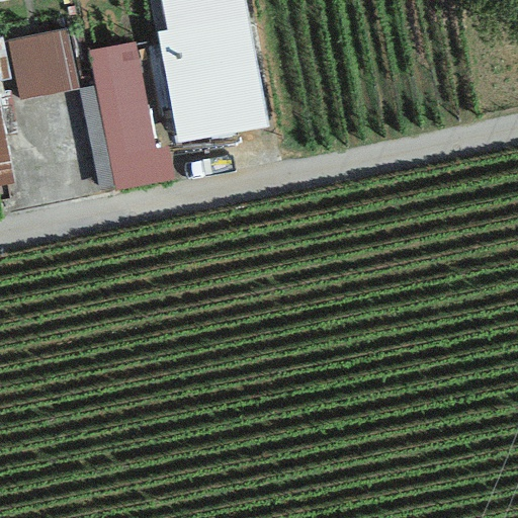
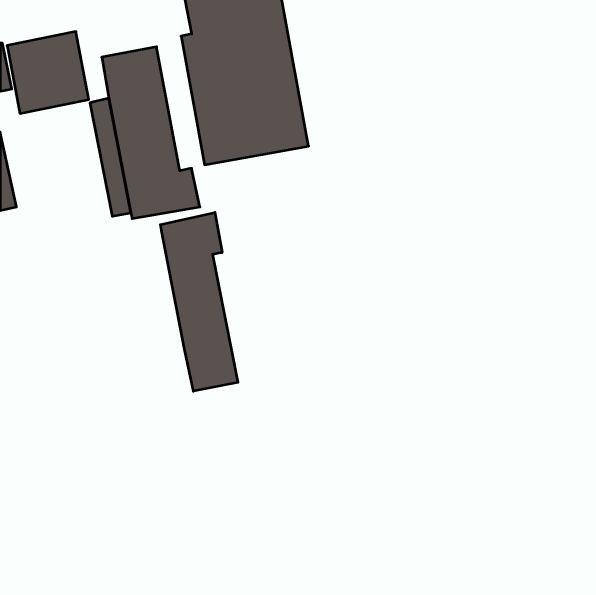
building: none -> [160,212,238,391]

